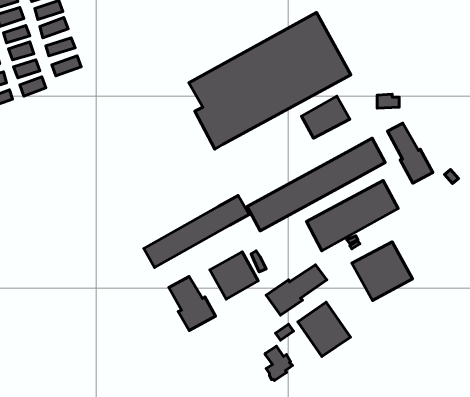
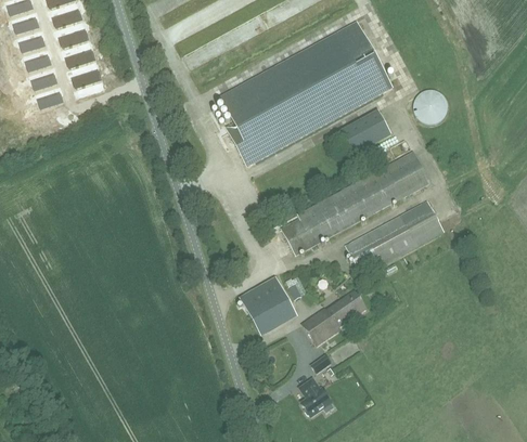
building: [387,123,433,183] -> none
building: [144,196,249,268] -> none
building: [352,242,413,301] -> none
building: [169,277,216,331] -> none
building: [298,302,350,357] -> none

